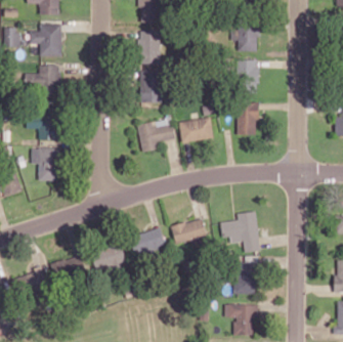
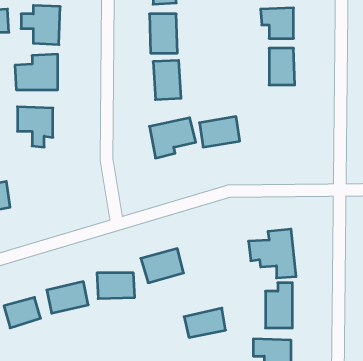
building: [237,102,258,135] -> none
building: [31,147,58,180] -> none
building: [171,218,206,243] -> [184,308,226,337]

